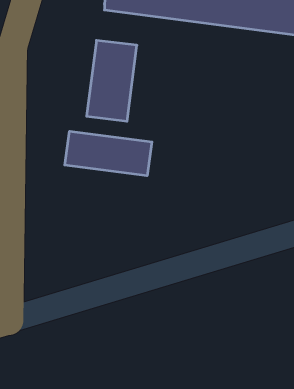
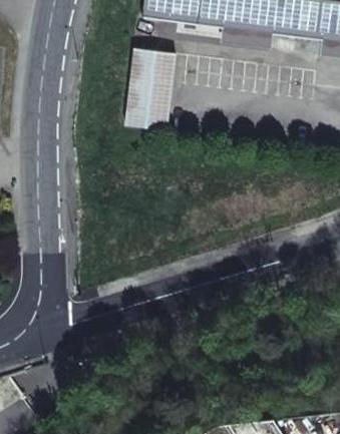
building: [65,131,152,176] -> none

